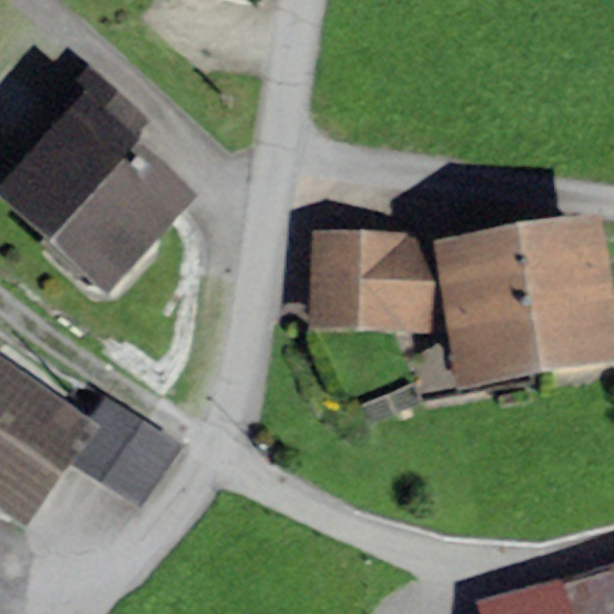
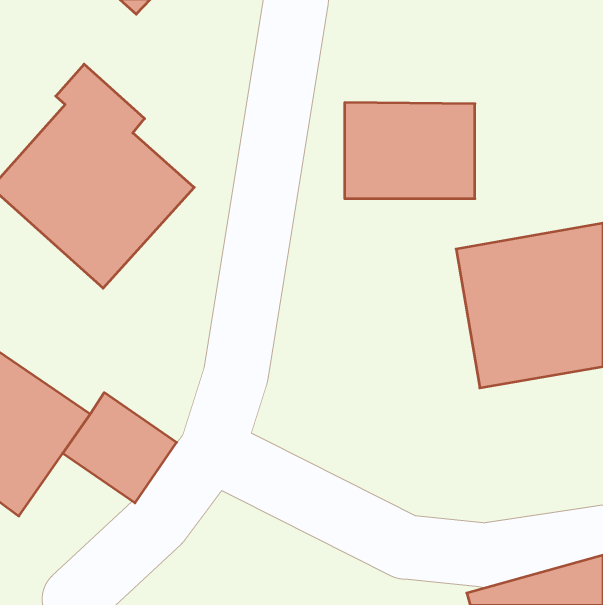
building: [325,237,457,335] -> [345,103,475,199]

